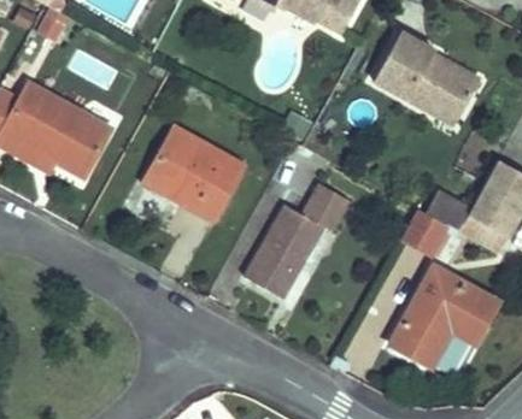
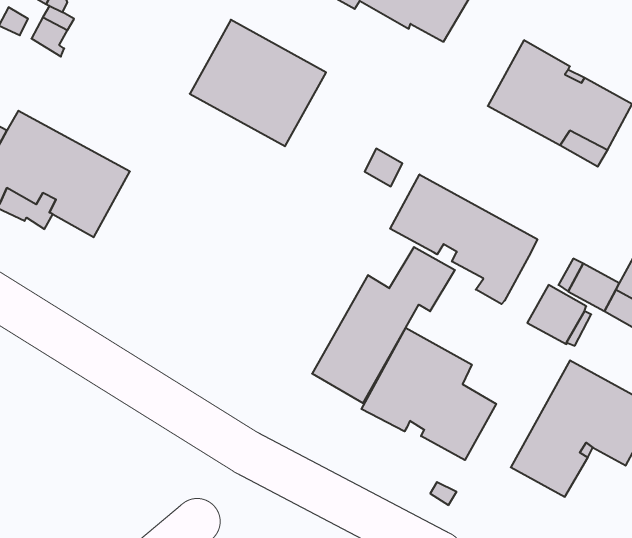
building: [145,128,245,220] -> [190,20,326,146]
building: none -> [390,174,537,304]
building: none -> [361,328,496,460]

